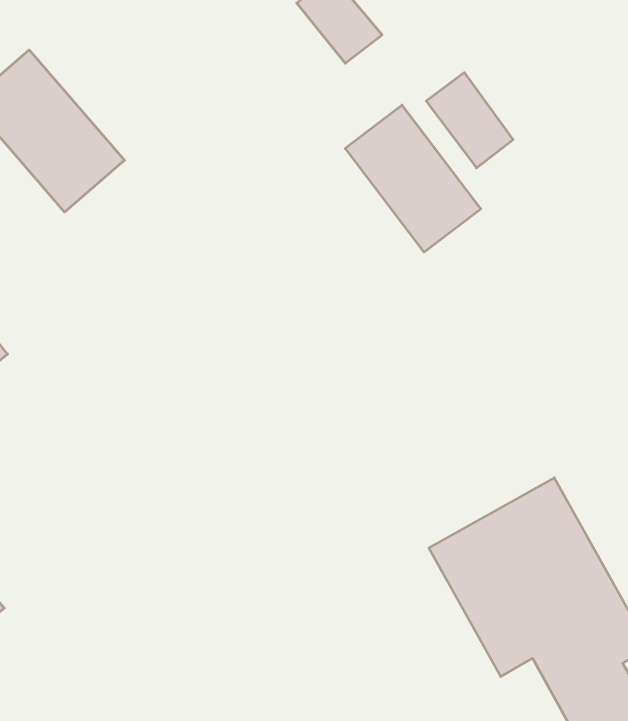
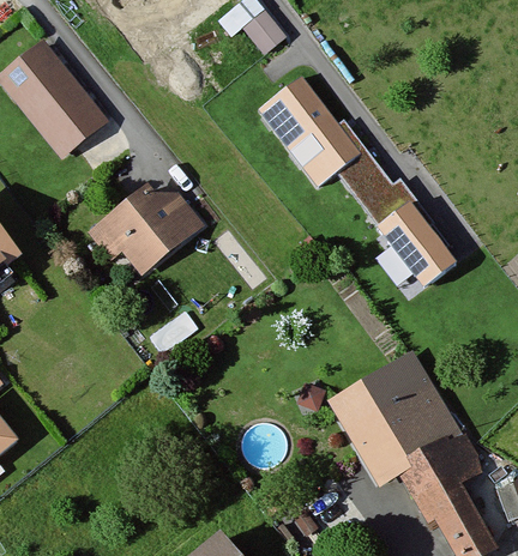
building: [426,73,513,168] -> [347,146,409,214]
building: none -> [100,179,207,273]
building: none -> [379,205,454,286]

